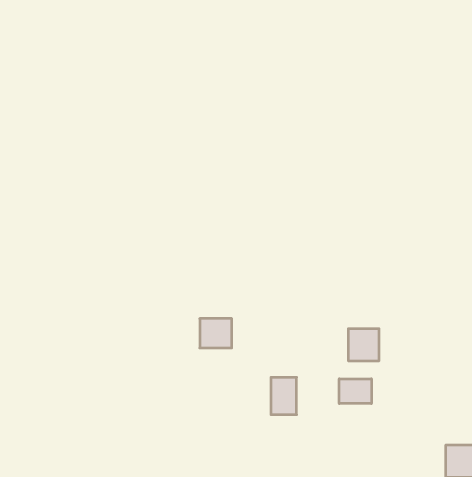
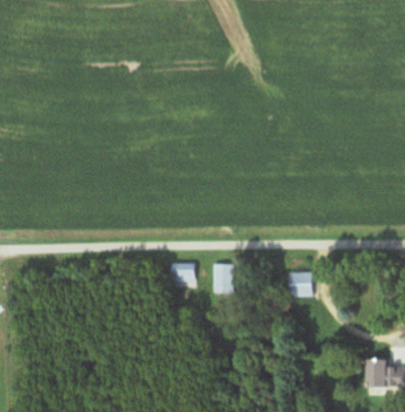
building: [271,377,297,415] -> [214,264,234,293]
building: [339,379,371,404] -> none

